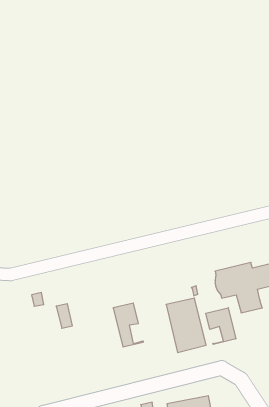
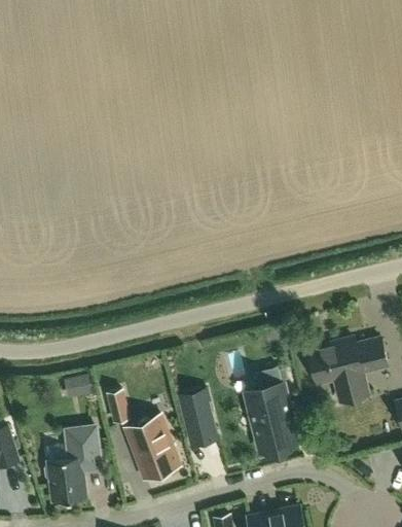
building: [206,308,236,344] -> none
building: none -> [125,416,180,479]
building: none -> [45,426,102,505]

